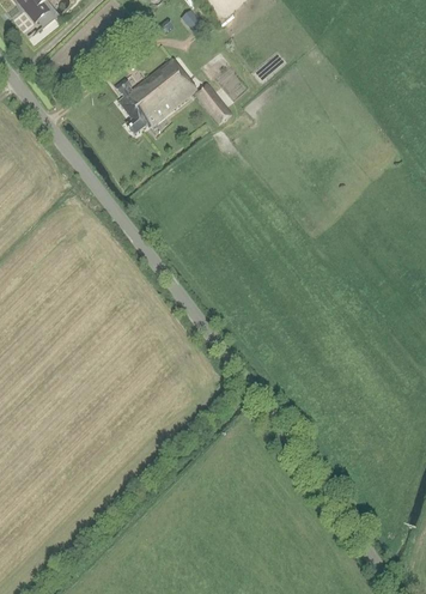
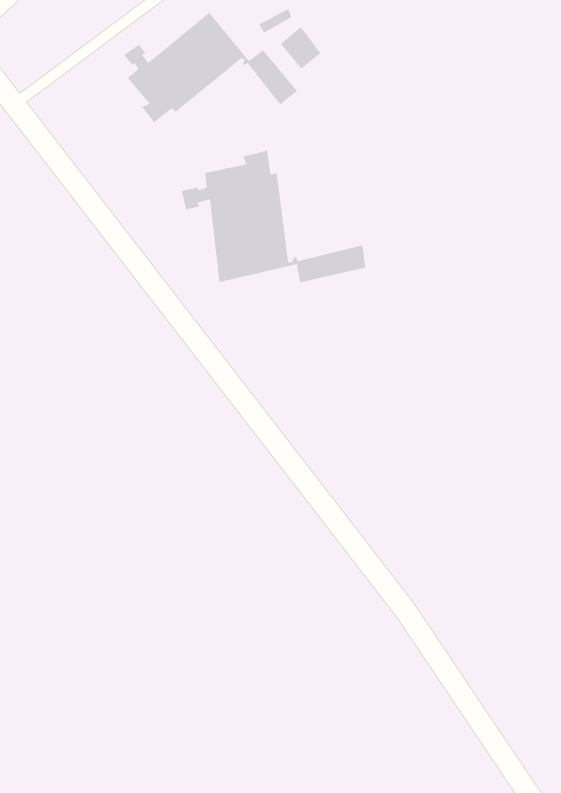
building: none -> [181,150,366,283]

